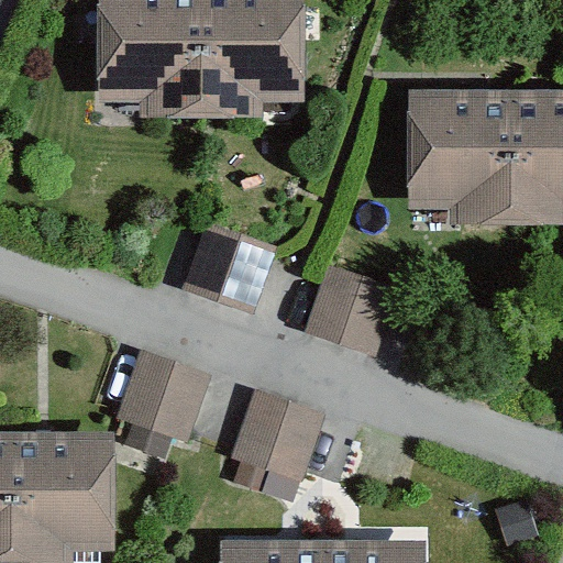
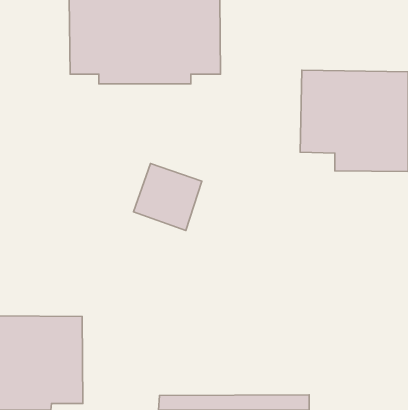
building: [309,266,400,353] -> none
building: [115,350,211,443] -> none
building: [231,391,324,483] -> none

